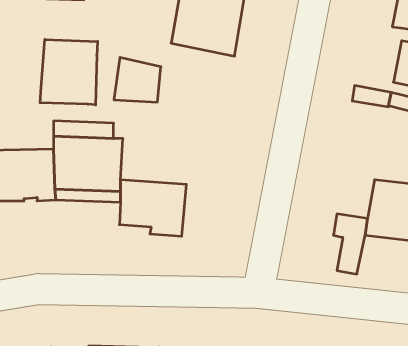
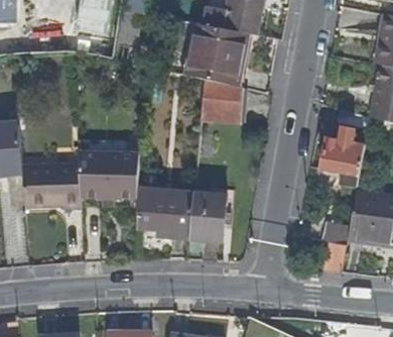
building: [40,39,98,105] -> none
building: [114,57,161,102] -> [201,85,241,123]
building: none -> [319,125,364,185]
building: none -> [189,192,227,241]

